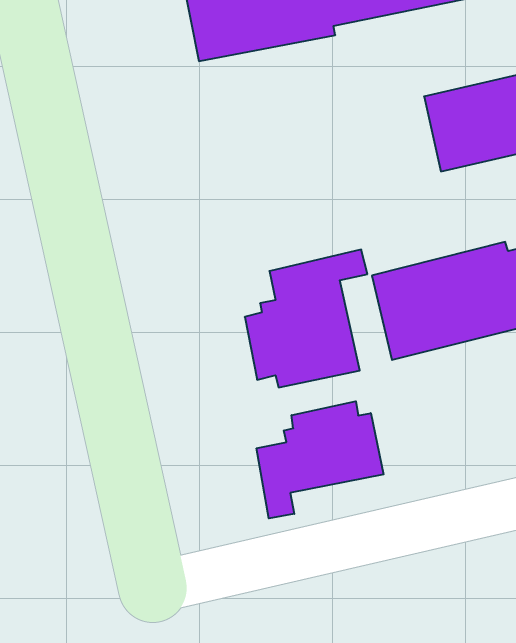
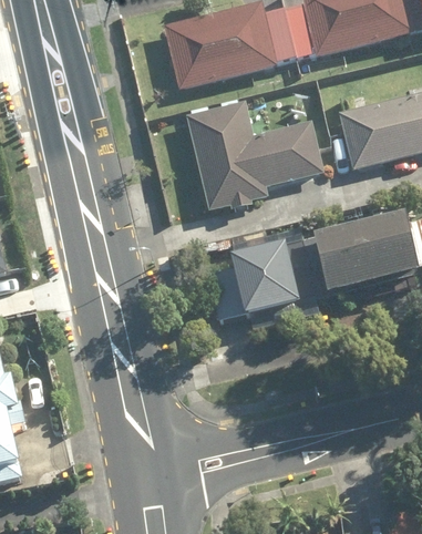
building: none -> [184,102,323,212]
building: [257,401,384,518] -> none

